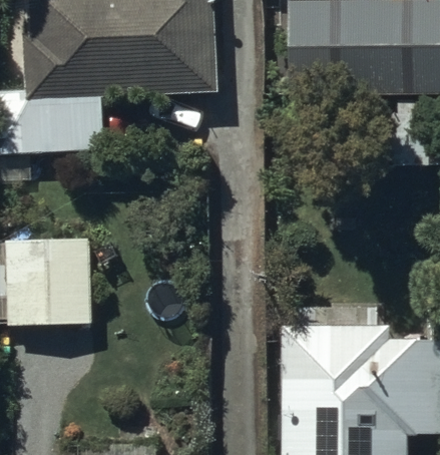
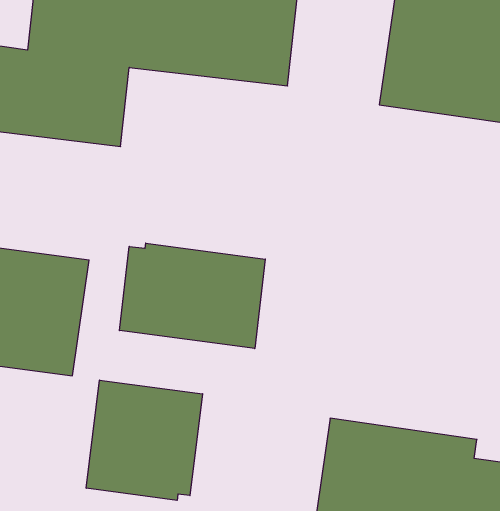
building: none -> [119,243,265,349]
building: none -> [86,380,203,500]

